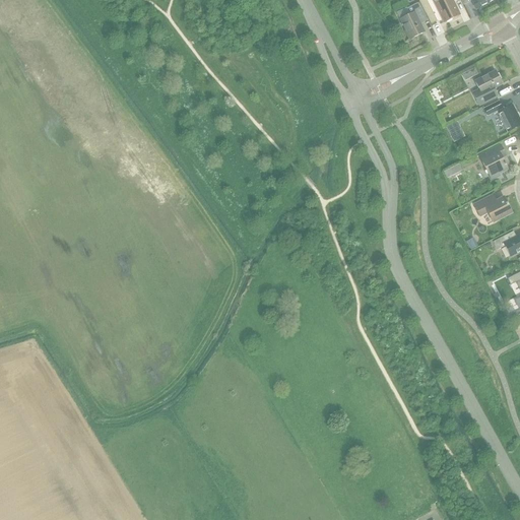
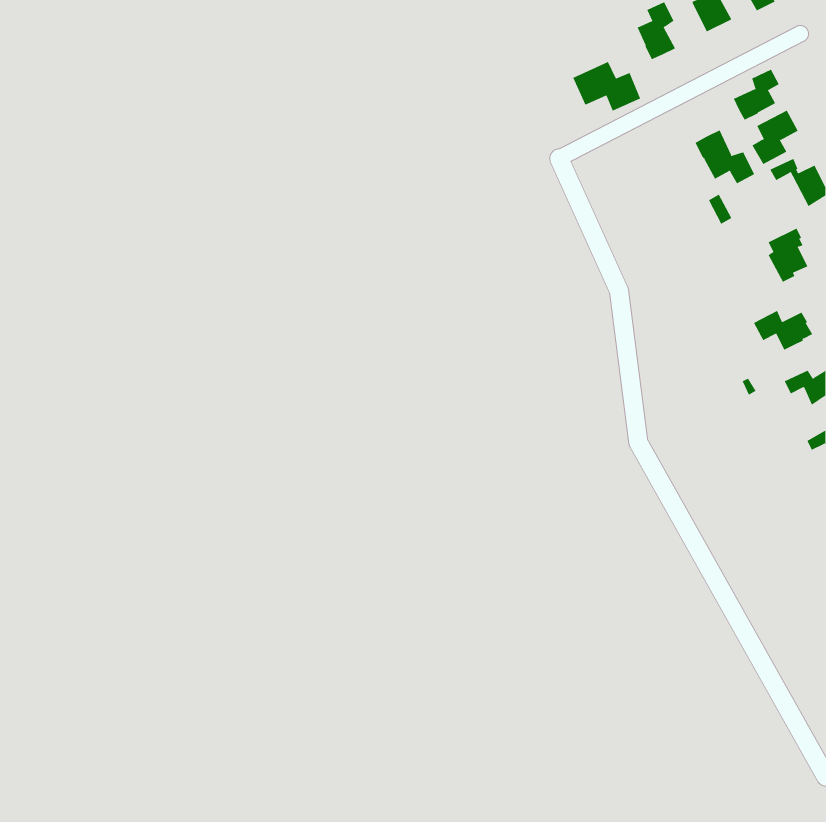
building: none -> [572,61,641,112]
building: none -> [733,69,780,120]
building: none -> [695,129,755,184]

